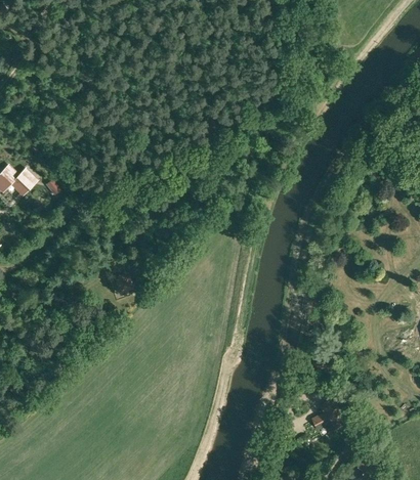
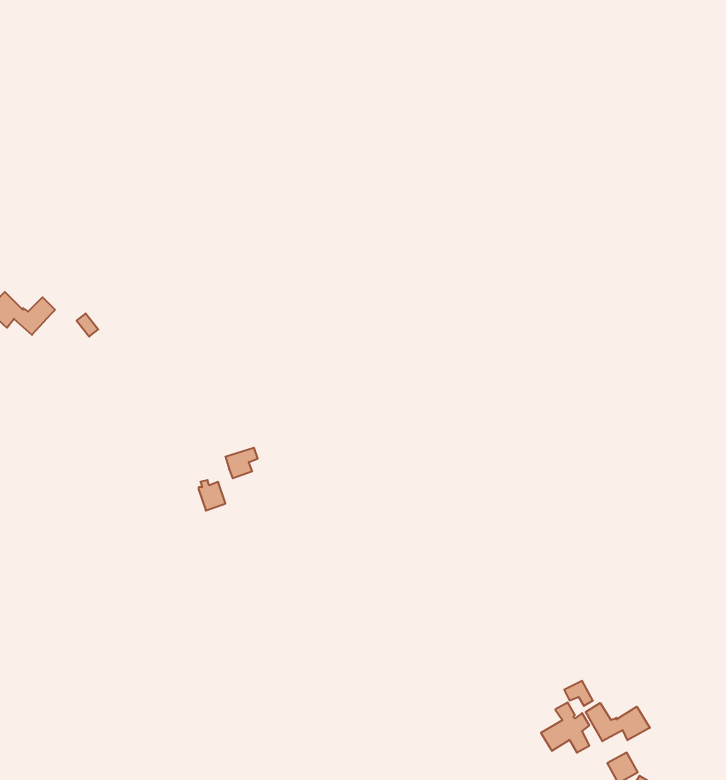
building: none -> [586,703,650,741]

